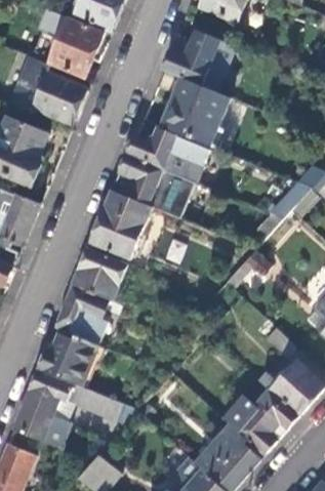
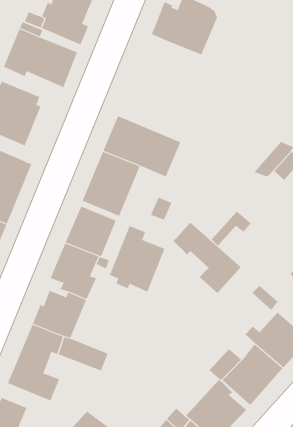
building: [160,78,231,146] -> none
building: [127,128,207,181] -> none
building: none -> [173,222,241,294]
building: none -> [109,225,165,293]

